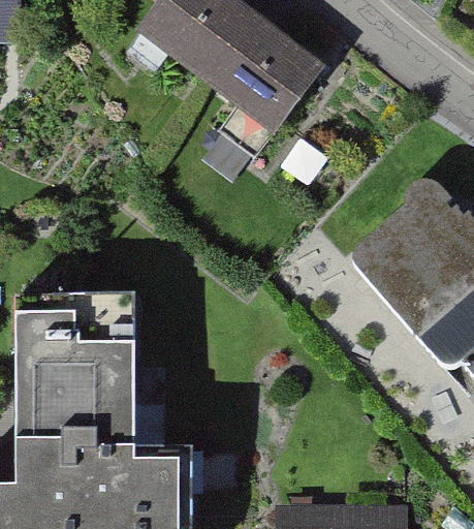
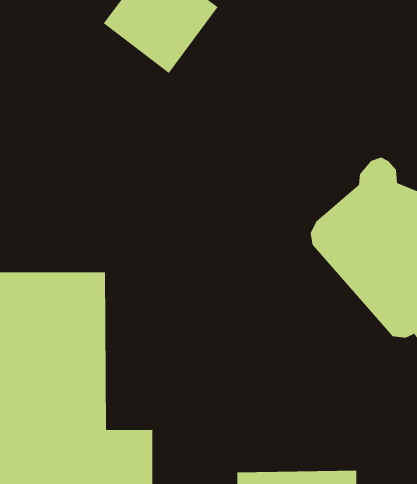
building: [206,21,326,142] -> none

